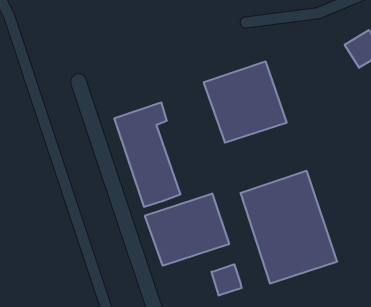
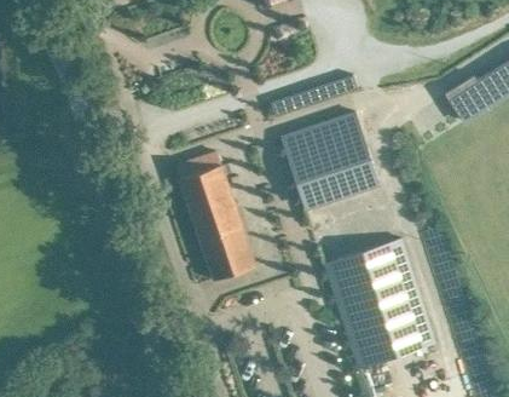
building: [145,193,229,266] -> none
building: [211,264,242,296] -> none

